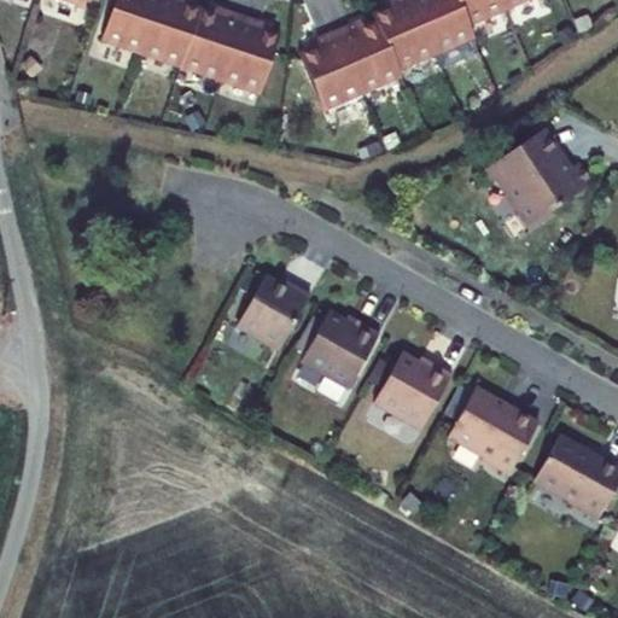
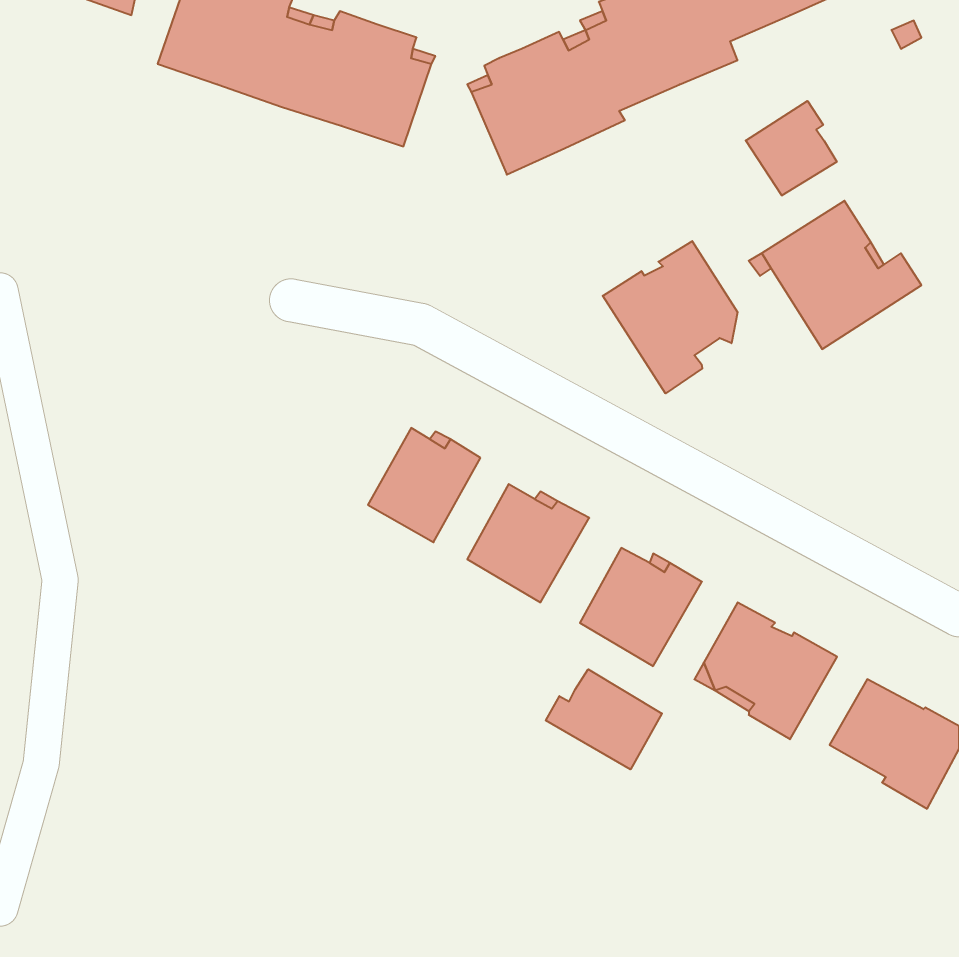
building: none -> [746,101,837,196]
building: none -> [603,241,737,393]
building: none -> [546,669,662,769]

